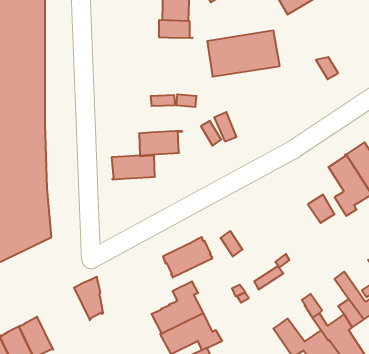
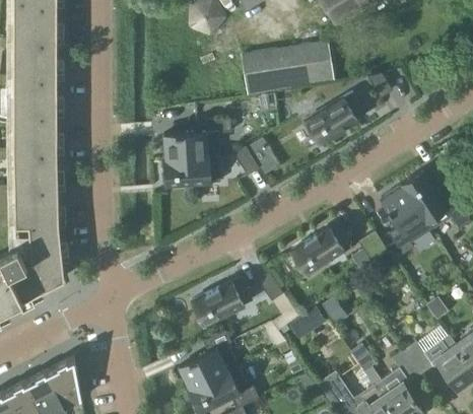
building: [159,20,193,38] -> none
building: none -> [306,92,366,143]
building: [112,156,155,179] -> [163,133,213,160]
building: none -> [291,221,352,274]
building: [74,277,103,320] -> [48,358,81,408]

